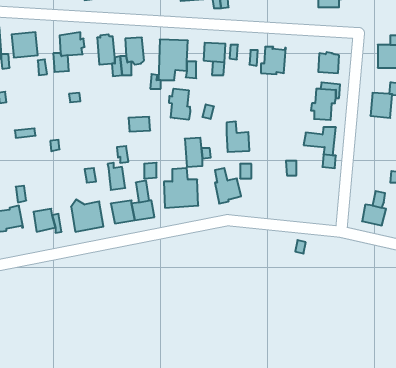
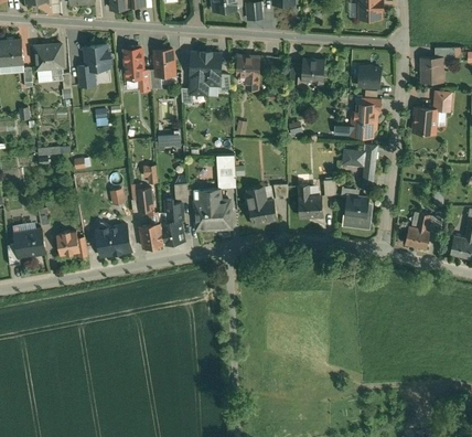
building: [169,89,190,120] -> none
building: [227,122,249,152] -> [299,184,323,216]
building: none -> [343,194,371,227]

